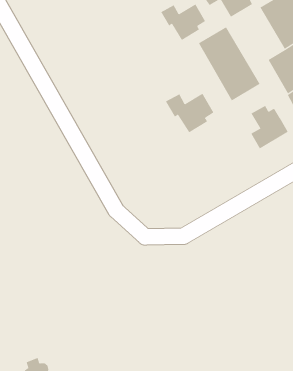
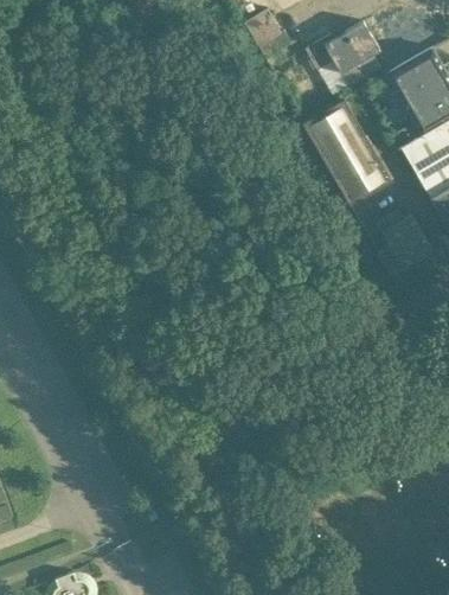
building: [160,4,206,41] -> none
building: [165,93,214,133] -> none

